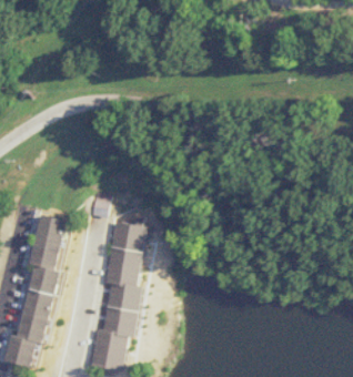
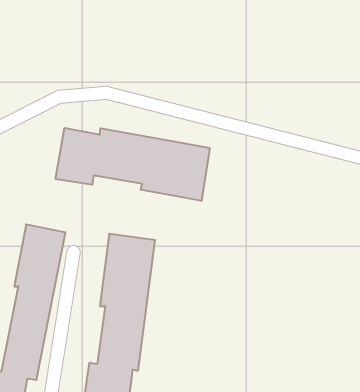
building: none -> [56,128,210,201]

